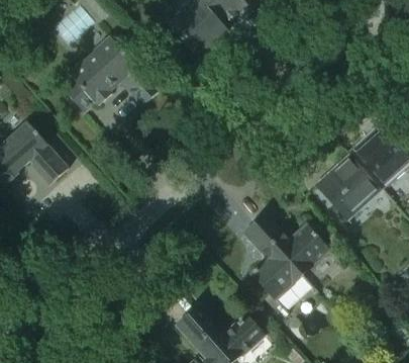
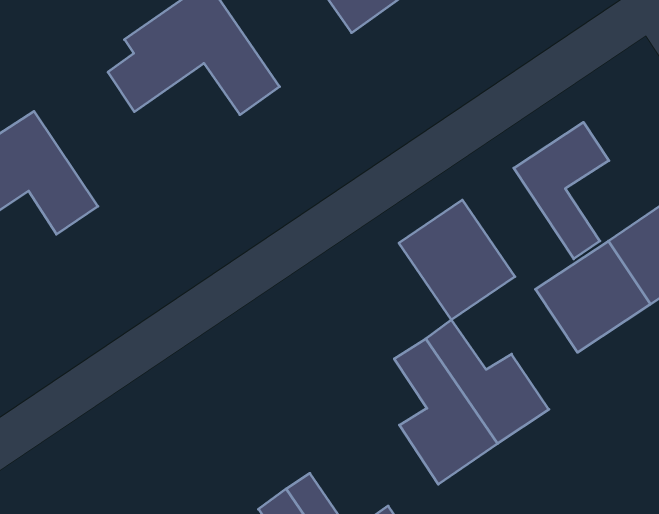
building: none -> [514,122,609,259]
building: none -> [399,200,515,320]

